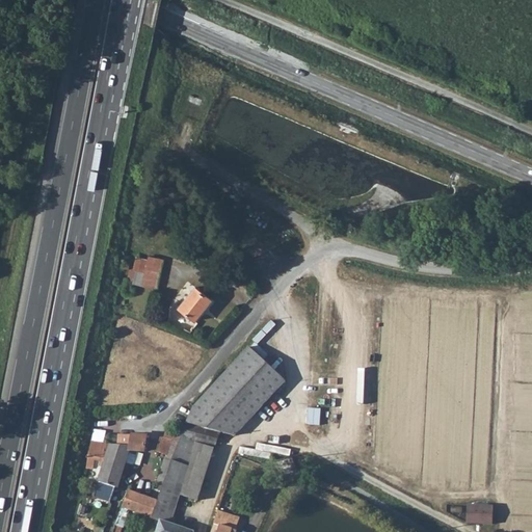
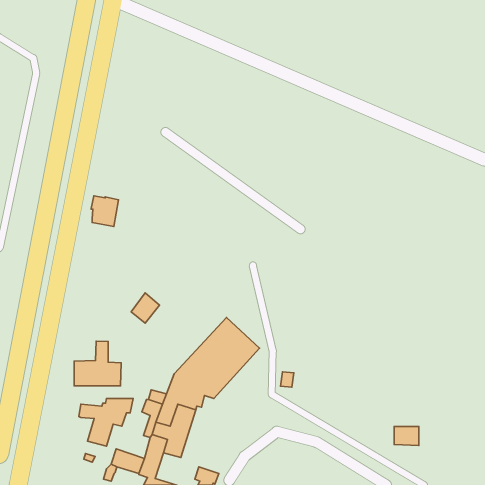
building: [131,256,161,289] -> [91,196,119,226]
building: [178,287,209,320] -> [131,293,160,323]
building: none -> [74,341,121,386]
building: [467,502,494,523] -> [394,426,419,445]

